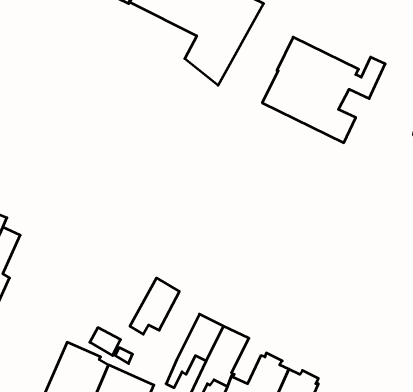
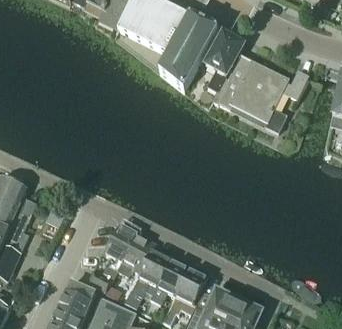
building: none -> [205,29,244,90]
building: none -> [104,222,138,268]
building: none -> [124,250,170,306]

